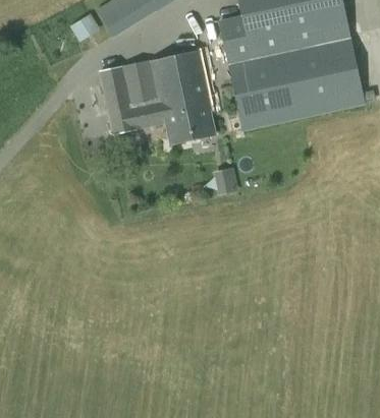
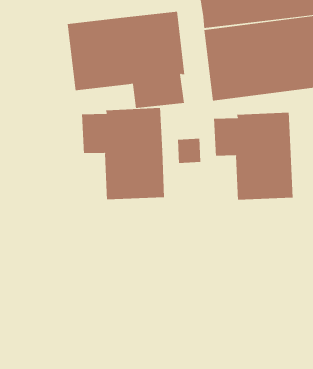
building: none -> [213,112,293,200]
building: none -> [81,107,165,200]

